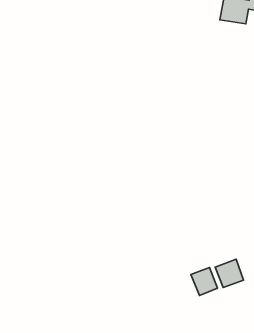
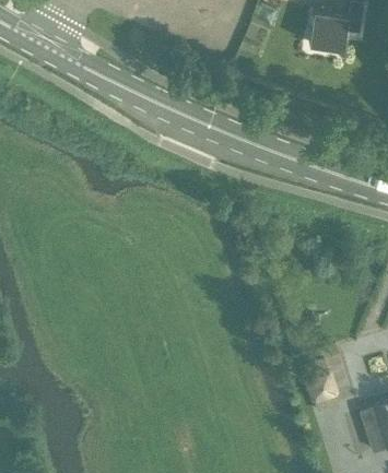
building: [191,267,217,295] -> none

